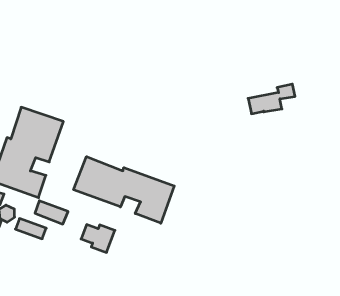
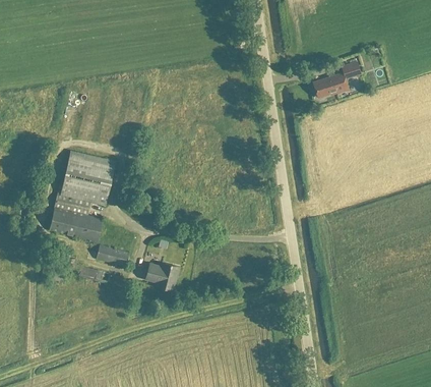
building: [248,84,295,114] -> [312,62,360,97]
building: [74,157,174,223] -> none

